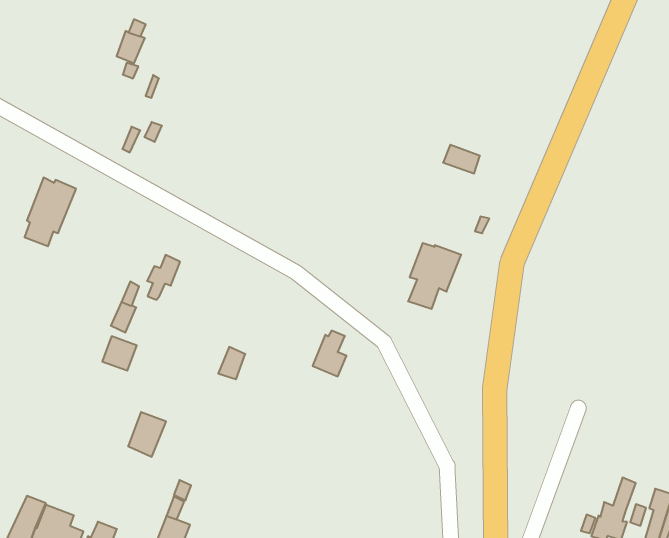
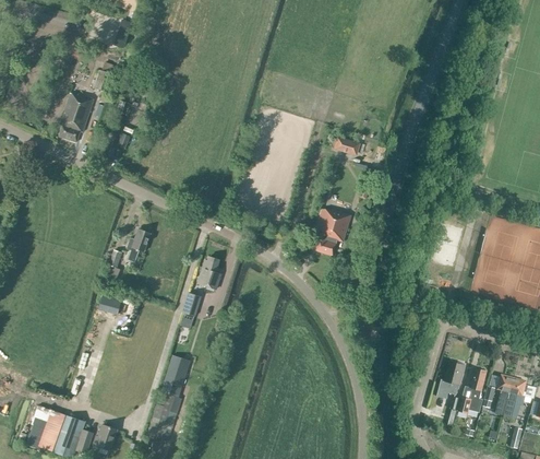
building: [24,178,76,246] -> [59,93,94,142]
building: [313,331,347,376] -> [197,257,221,290]
building: [128,412,166,457] -> [165,355,191,387]
building: none -> [439,362,466,399]

